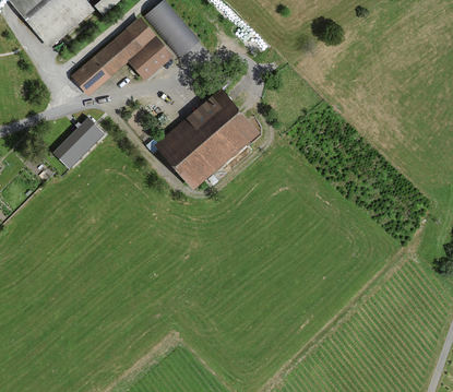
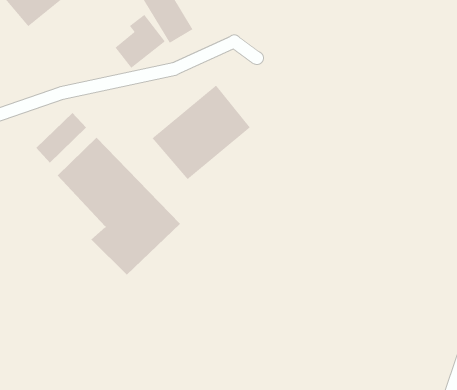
building: [69,25,145,94] -> none
building: none -> [57,137,181,276]

